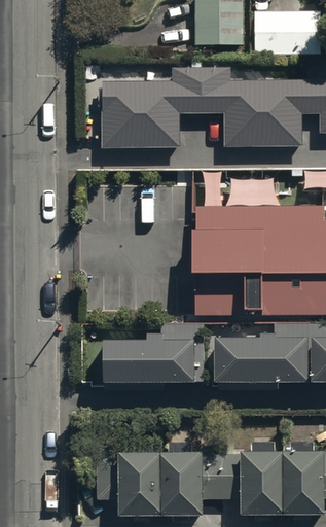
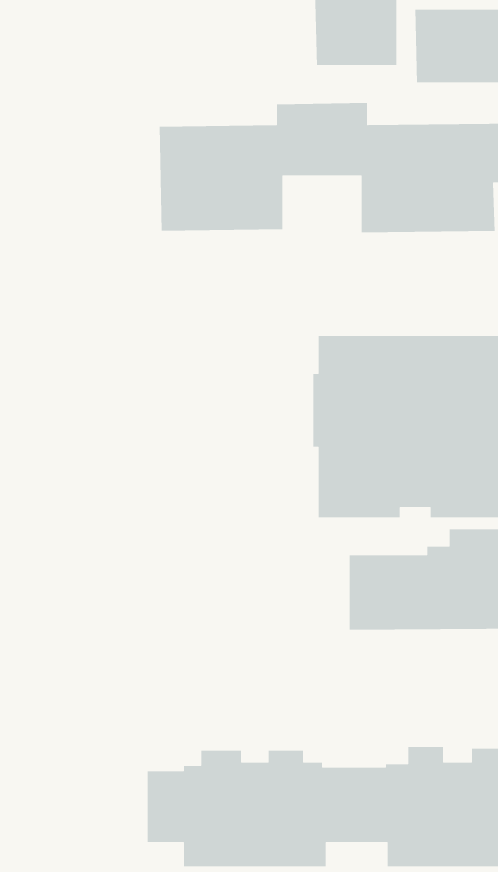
building: [106,322,204,381] -> none

